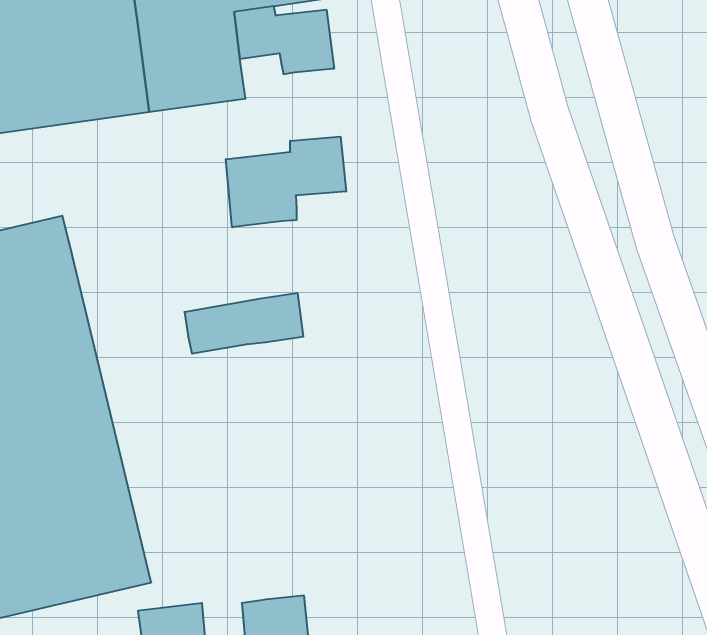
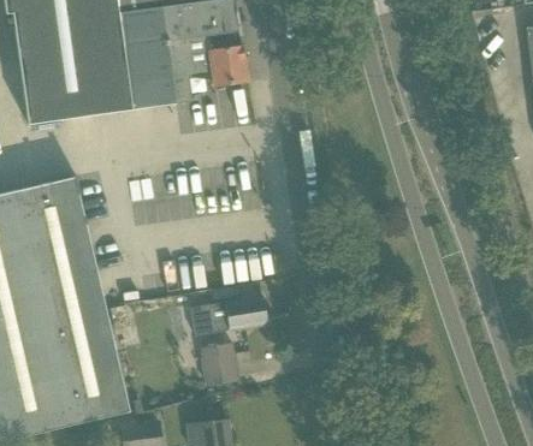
building: [226,137,346,227] -> none
building: [184,293,303,354] -> [190,296,266,334]
building: none -> [201,343,238,383]

